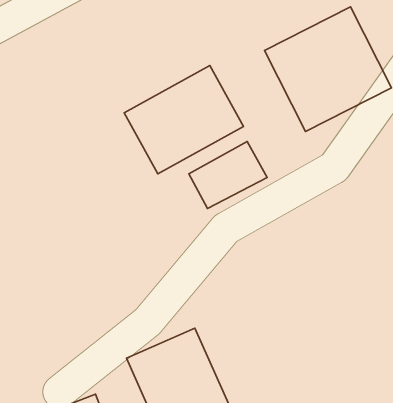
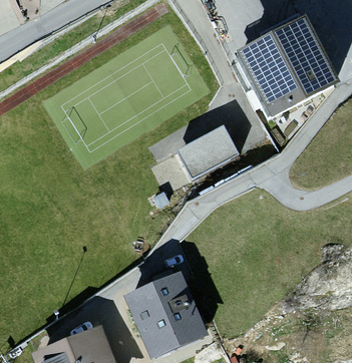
building: [124,66,244,174] -> none

